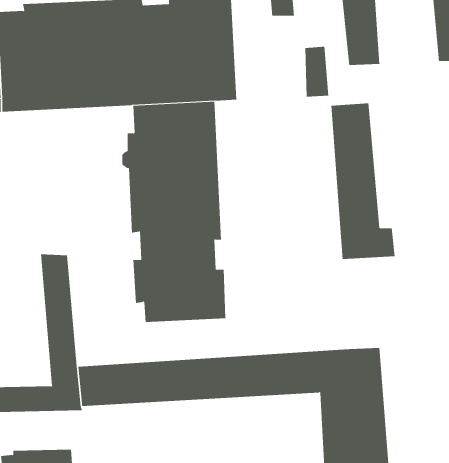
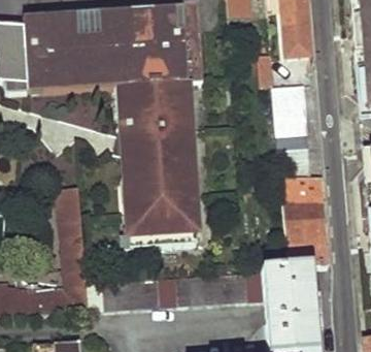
building: none -> [282,196,328,265]

